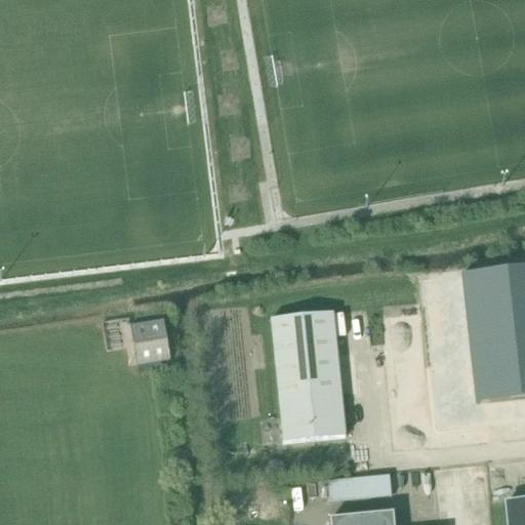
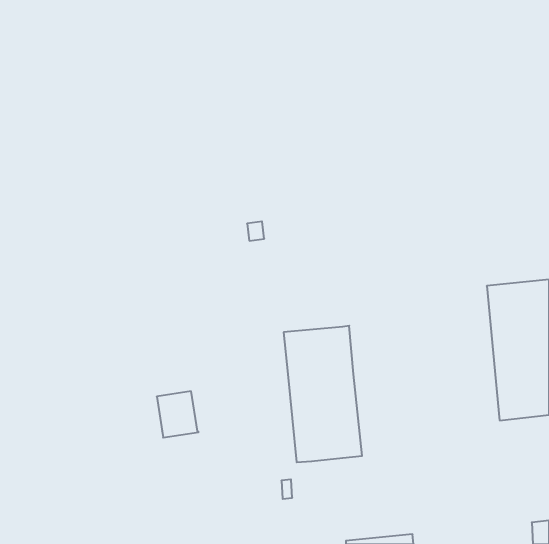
building: [131,319,171,363] -> [157,391,199,438]
building: [327,474,392,500] -> none

